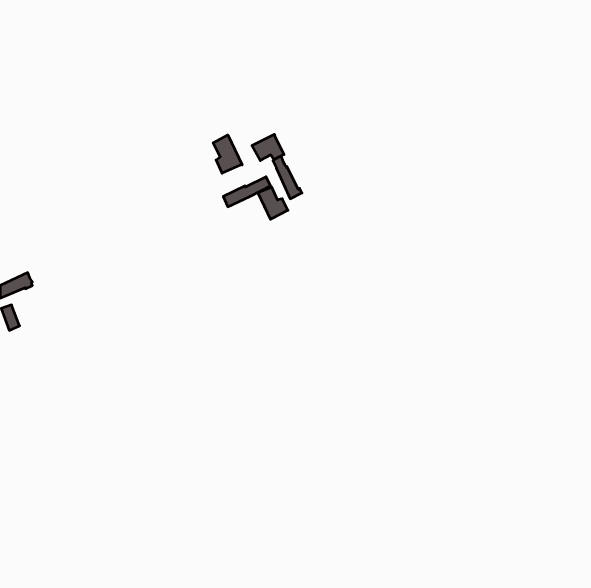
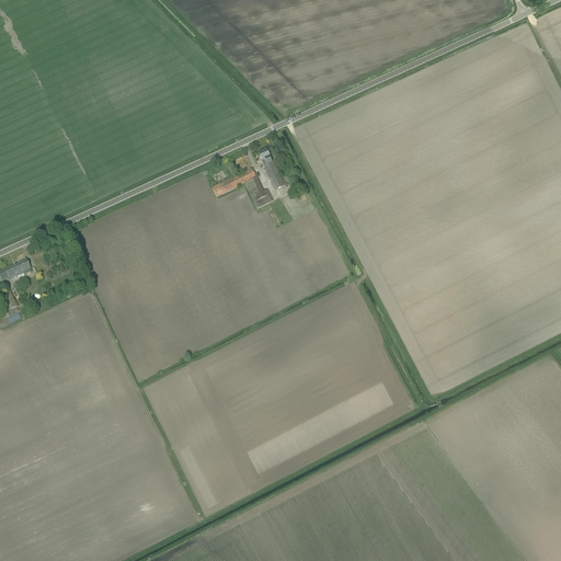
building: [252,134,284,161] -> none
building: [213,135,242,173] -> none

